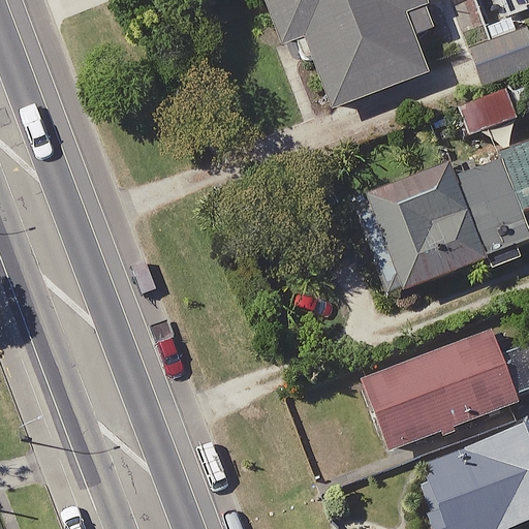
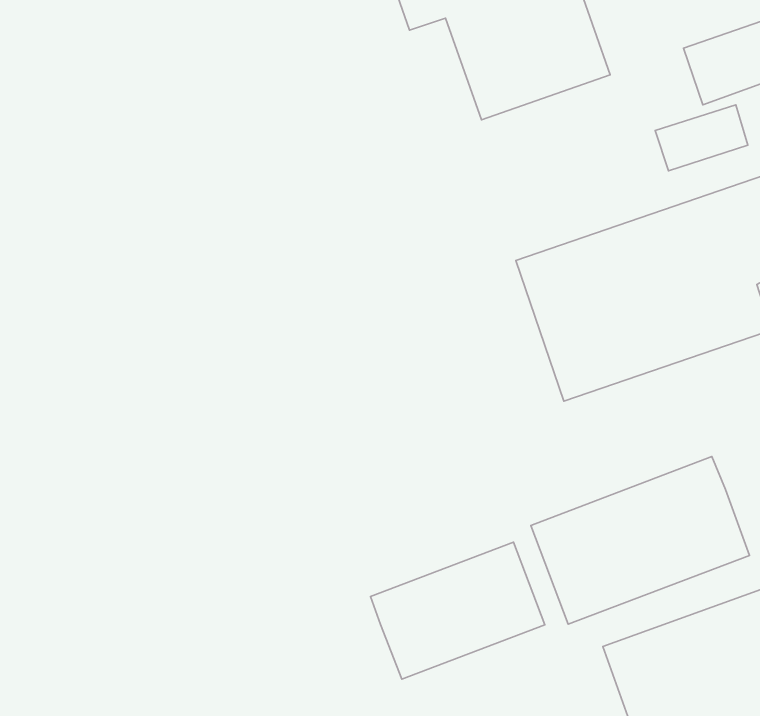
building: none -> [370,542,545,679]

